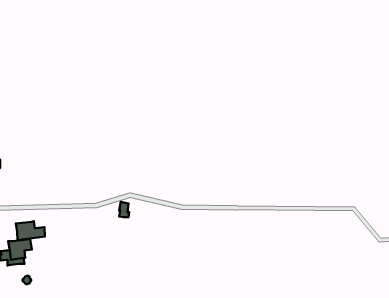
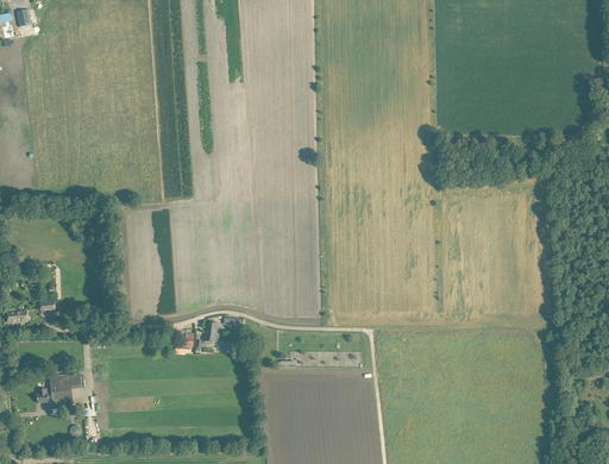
building: [16,221,45,241] -> none

